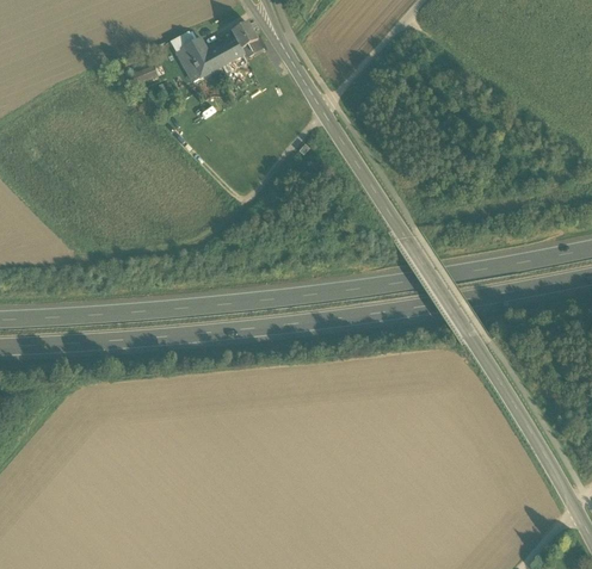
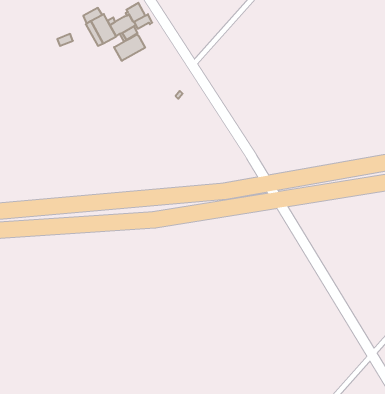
building: none -> [114,34,145,61]

